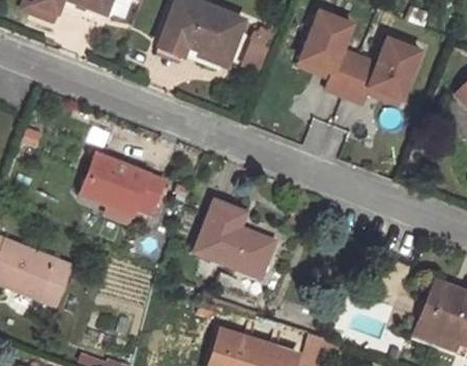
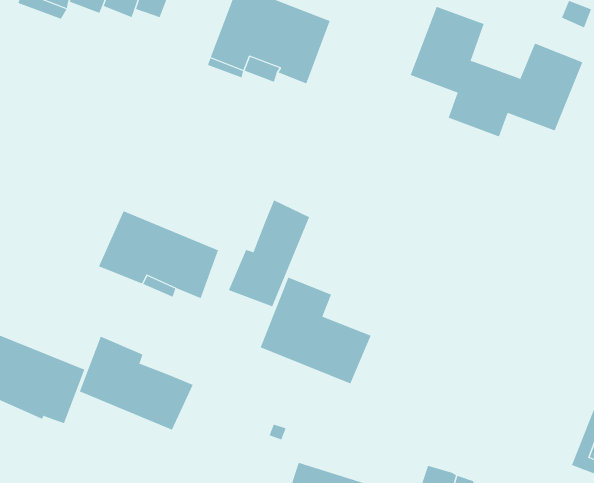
building: none -> [228,200,310,307]
building: none -> [79,336,194,430]

